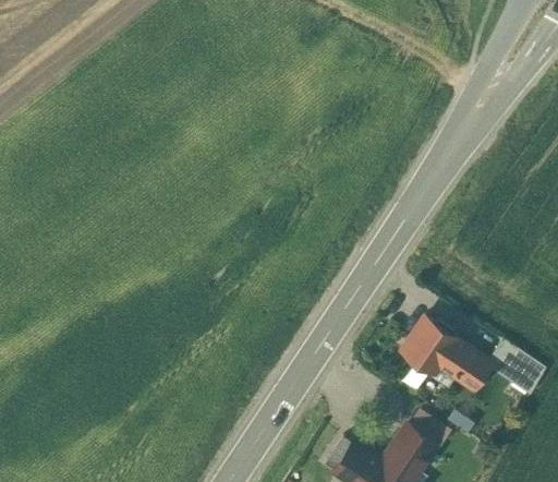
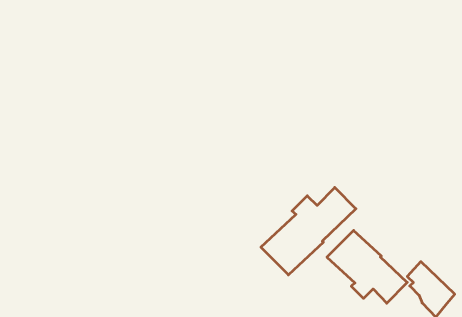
building: none -> [261,187,356,275]

